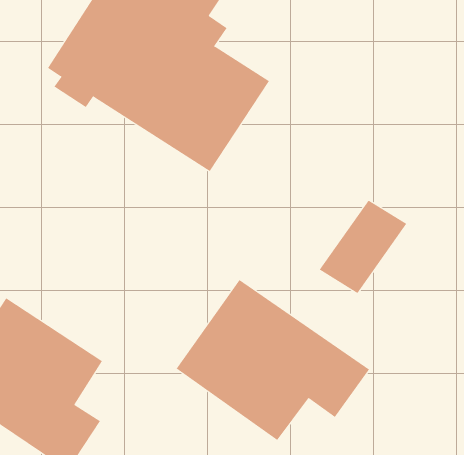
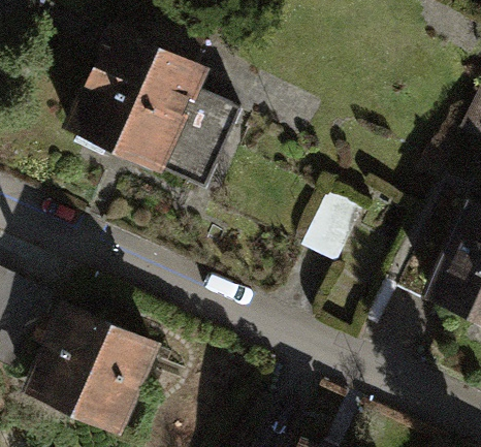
building: [176,279,370,441] -> none

